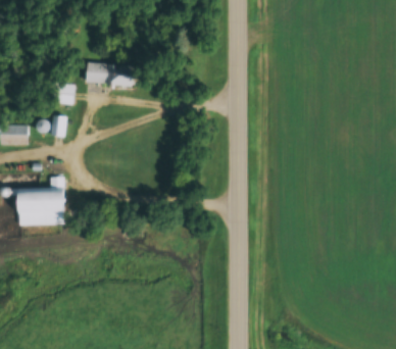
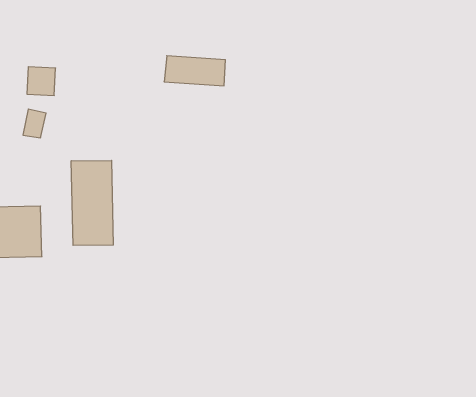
building: [86,63,132,86] -> [164,56,225,86]
building: none -> [71,160,113,245]

